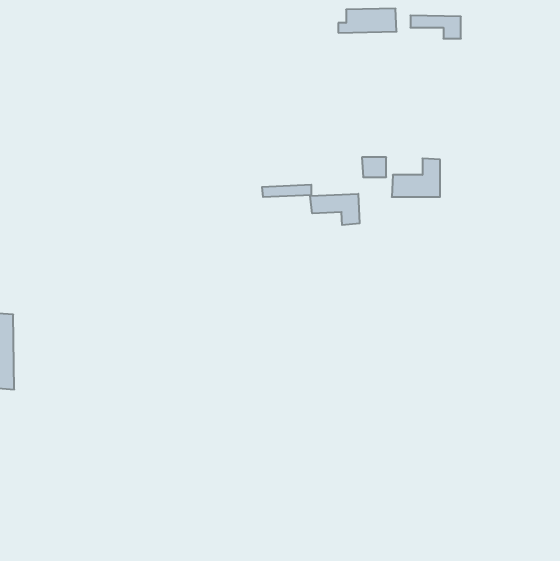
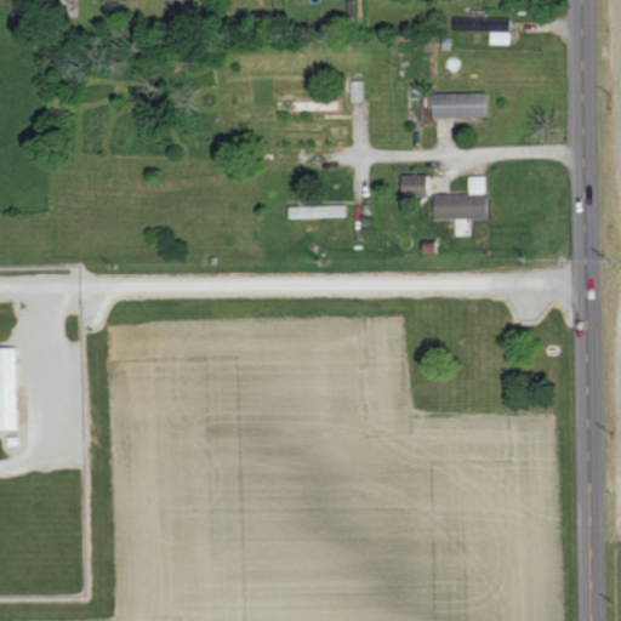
building: [338,9,397,33] -> [421,92,485,119]
building: [310,194,360,225] -> none

